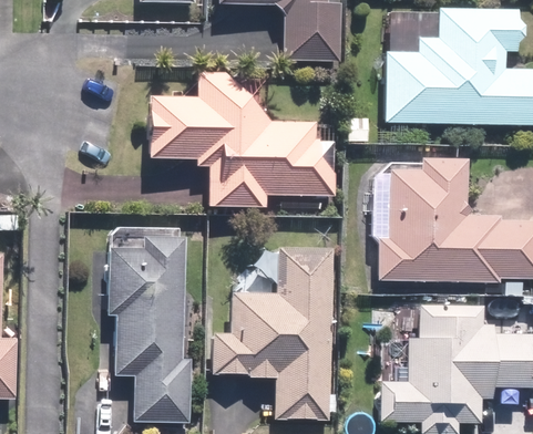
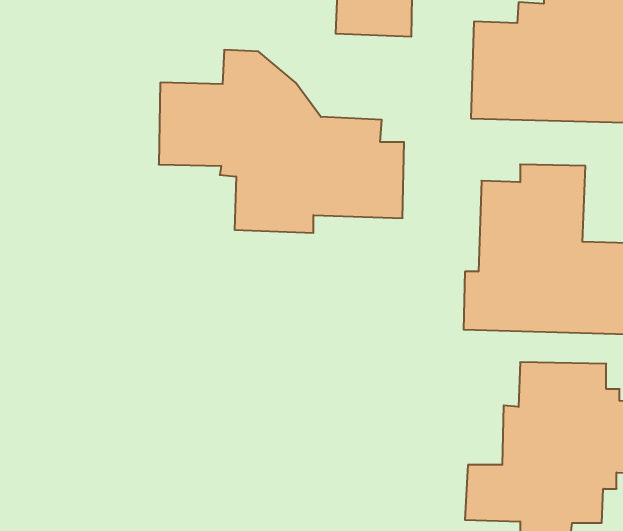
building: [110,235,191,422] -> none
building: [213,246,335,420] -> none

